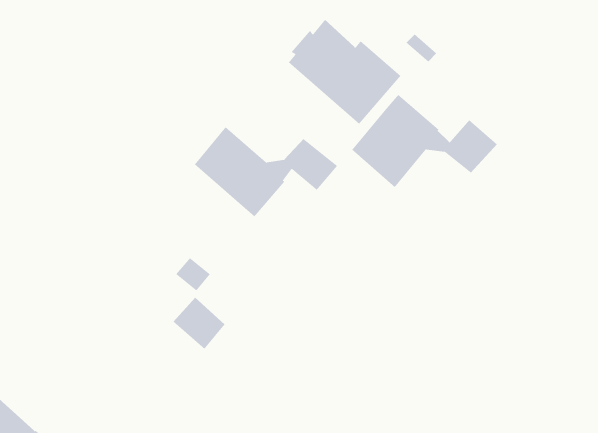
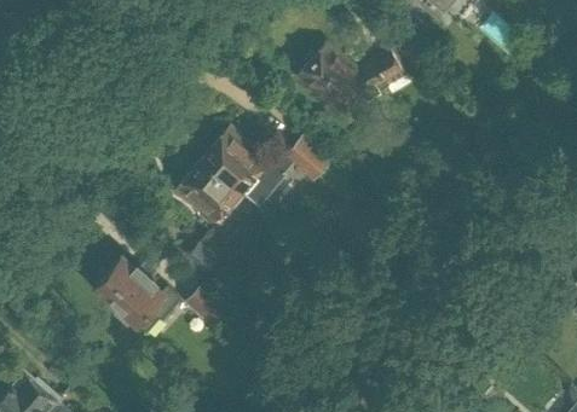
building: [351,94,498,188] -> none
building: none -> [174,159,243,228]
building: none -> [97,257,184,333]

